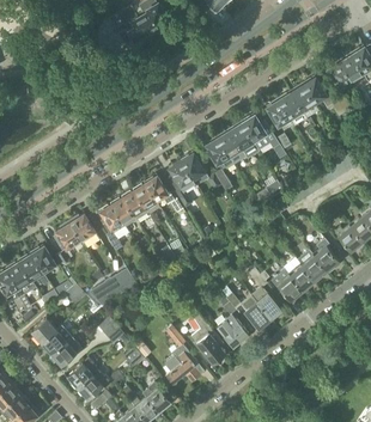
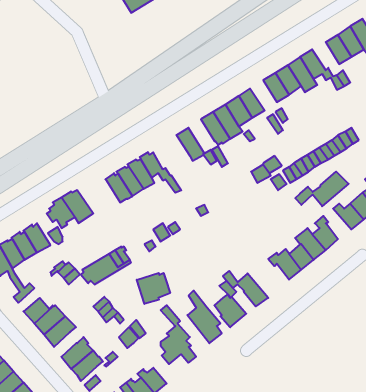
building: [168,160,196,207] -> none
building: none -> [295,172,349,206]
building: [99,204,126,250] -> none
building: [249,269,281,319] -> none
building: none -> [137,273,170,304]

